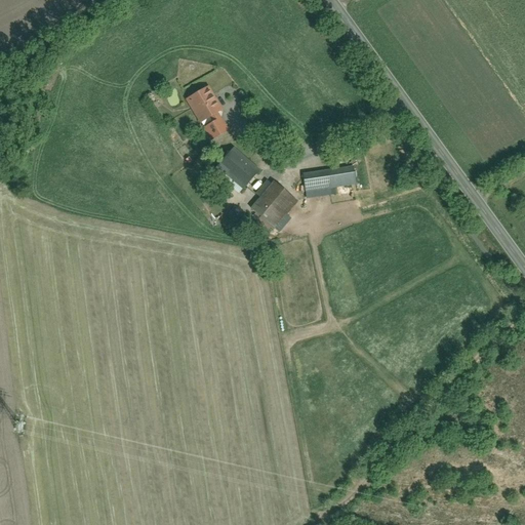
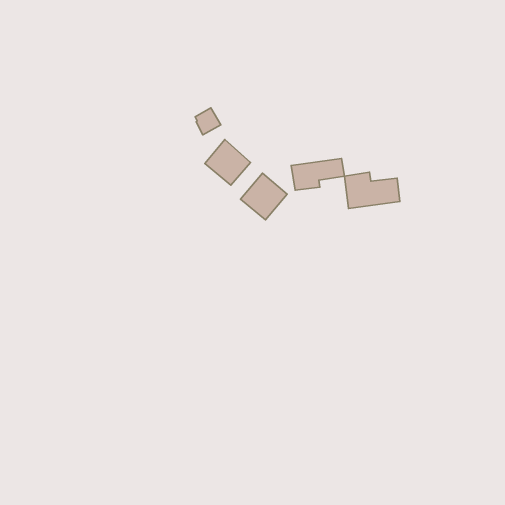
building: [186,84,225,123] -> none
building: none -> [345,172,400,208]

